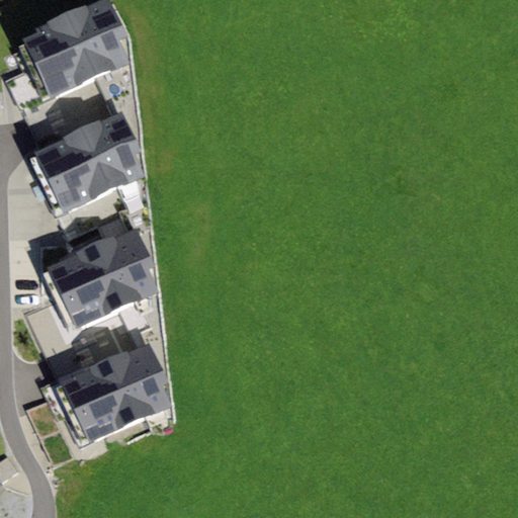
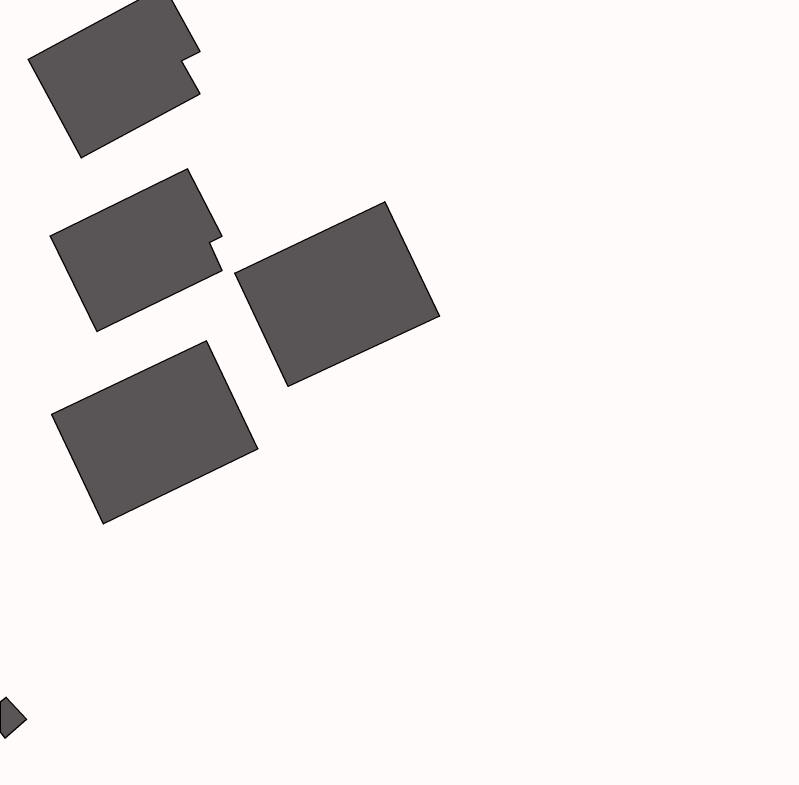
building: none -> [235,202,439,386]
building: [54,333,172,444] -> none

